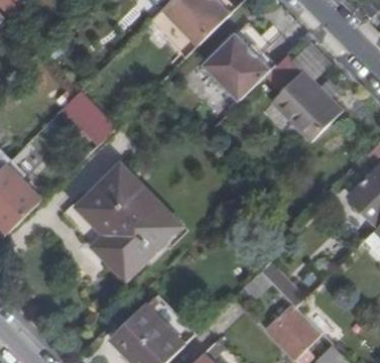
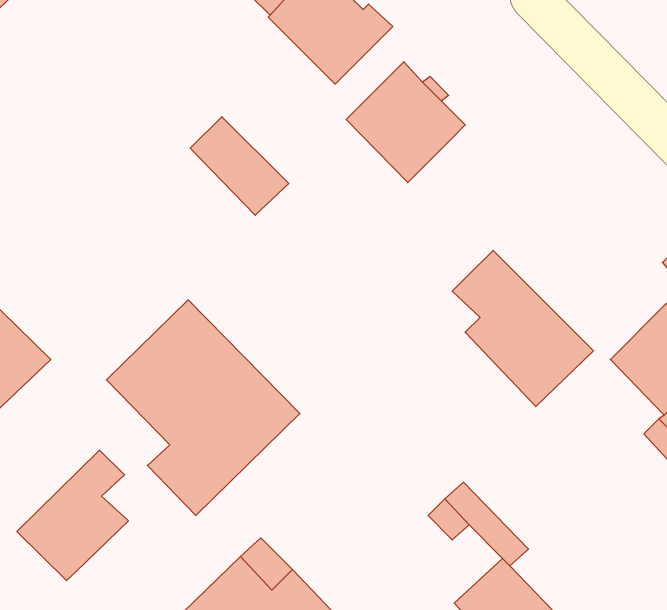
building: [262,54,339,139] -> [452,250,593,407]
building: [64,91,117,144] -> [190,117,289,215]
building: none -> [17,450,128,581]

